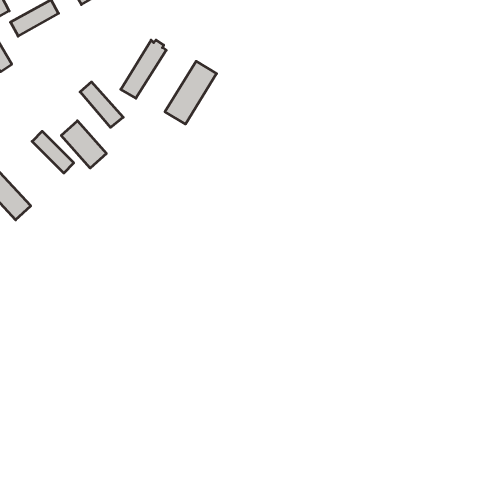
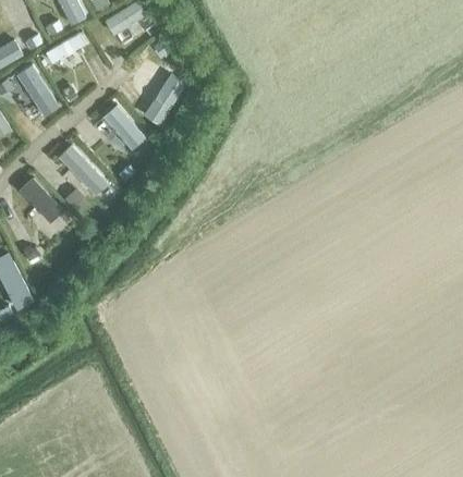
building: [165,61,217,124] -> none
building: [61,121,106,168] -> none

